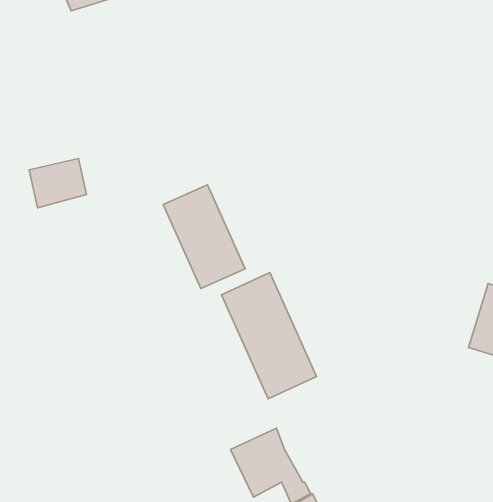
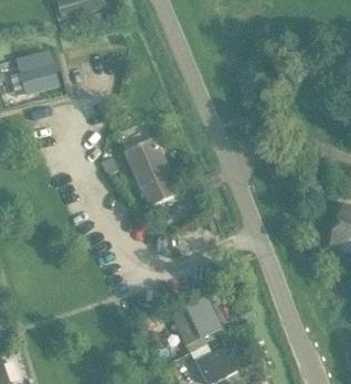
building: [29,158,87,208] -> [19,62,57,95]
building: [221,273,317,399] -> none

